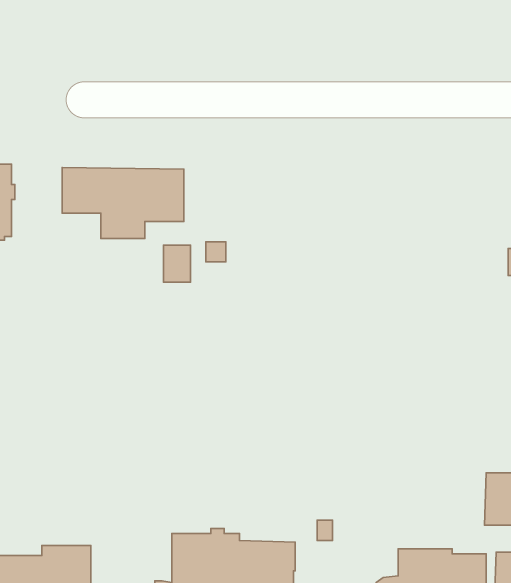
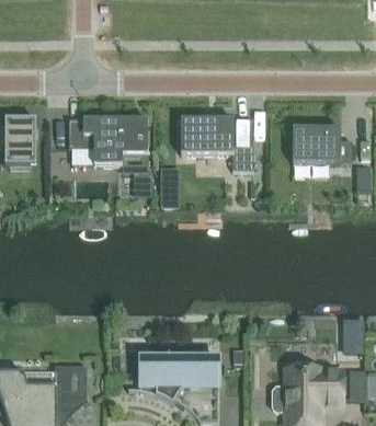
building: none -> [180,117,252,170]
building: none -> [292,126,351,161]

